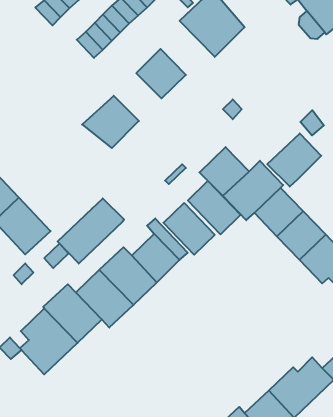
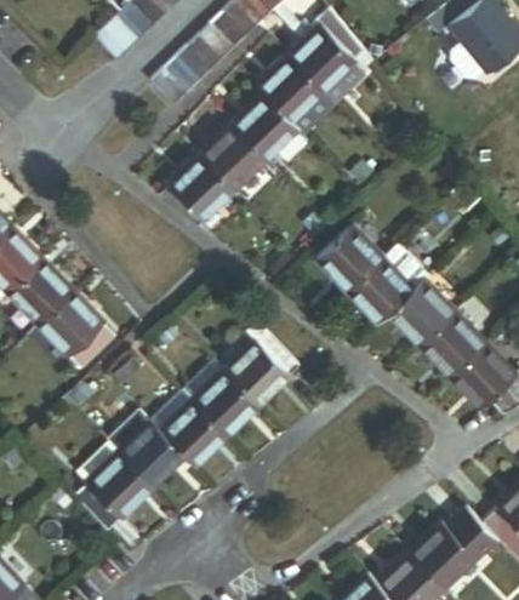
building: none -> [257,55,336,133]
building: none -> [200,125,264,189]
building: [267,133,321,187] -> none
building: [188,181,241,234] -> none
building: [58,198,124,264] -> none
building: [163,203,215,255] -> none

